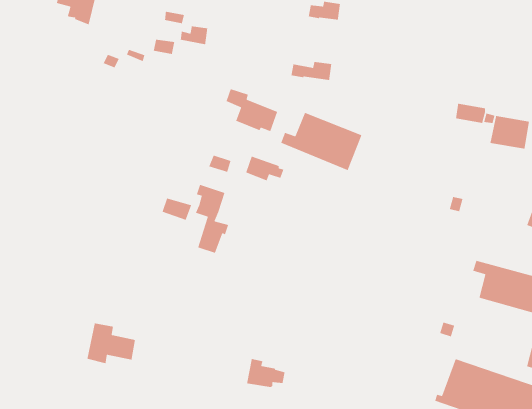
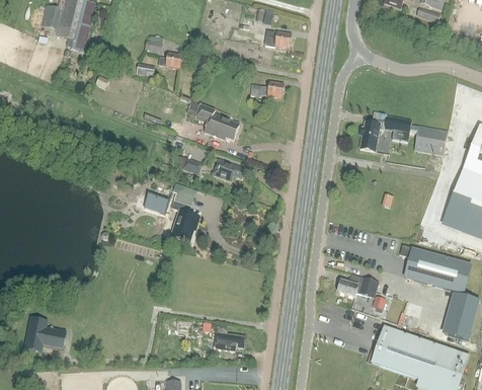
building: none -> [359,111,387,151]
building: [280,112,363,171] -> none
building: none -> [338,278,379,297]
building: [87,322,136,364] -> [25,317,66,352]

